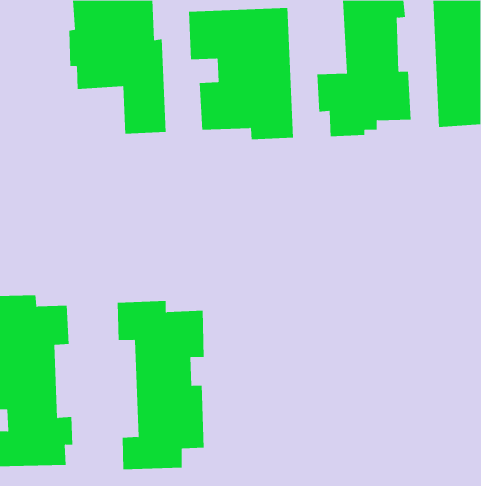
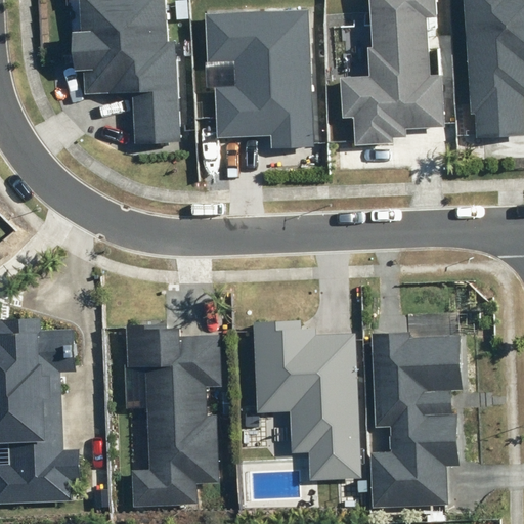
building: none -> [253,319,359,480]
building: none -> [368,331,460,507]

